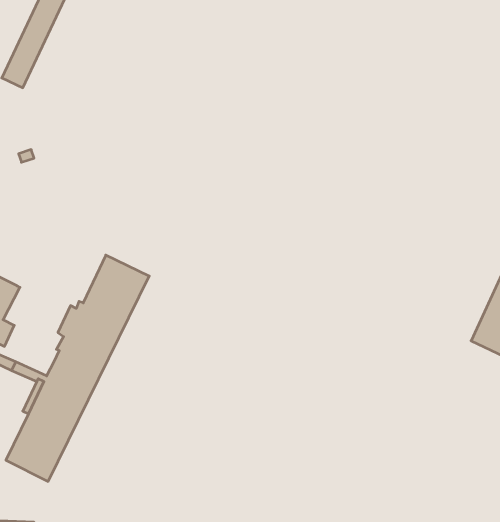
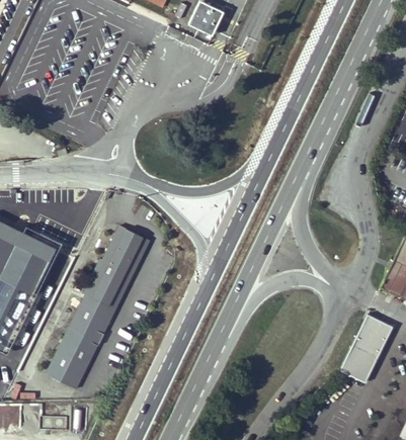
building: none -> [341,314,393,381]

